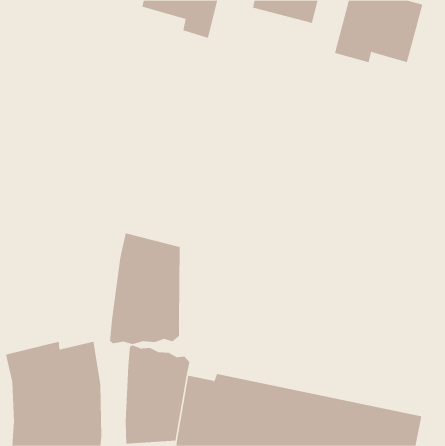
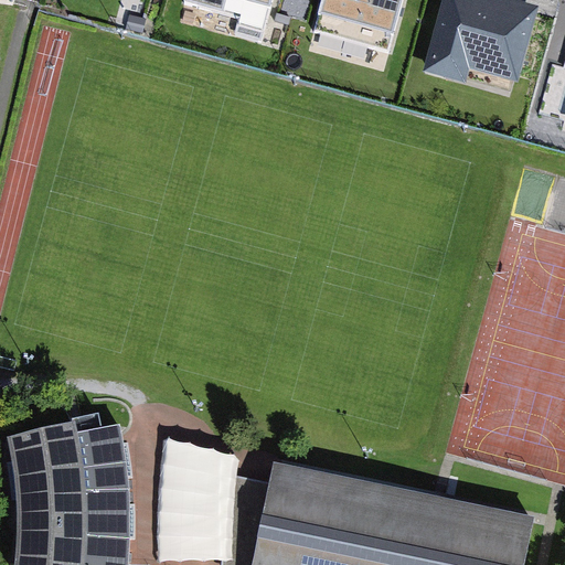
building: [109,233,180,345] -> none

